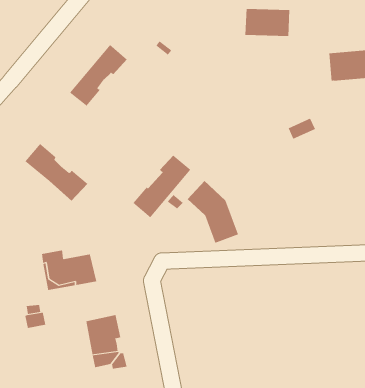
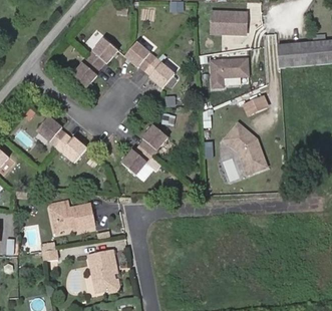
building: none -> [125,42,175,88]
building: none -> [212,56,250,86]
building: [187,180,239,244] -> [225,123,266,174]

